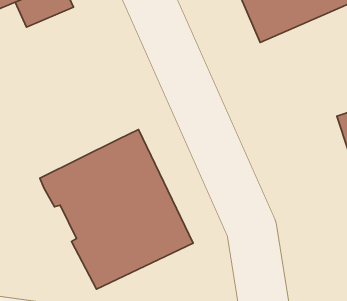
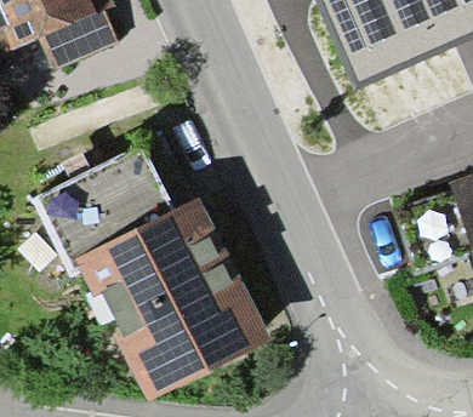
building: none -> [33,144,175,275]

